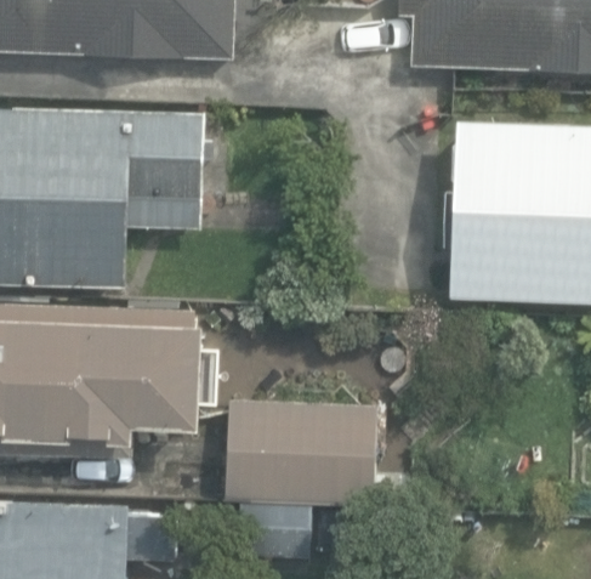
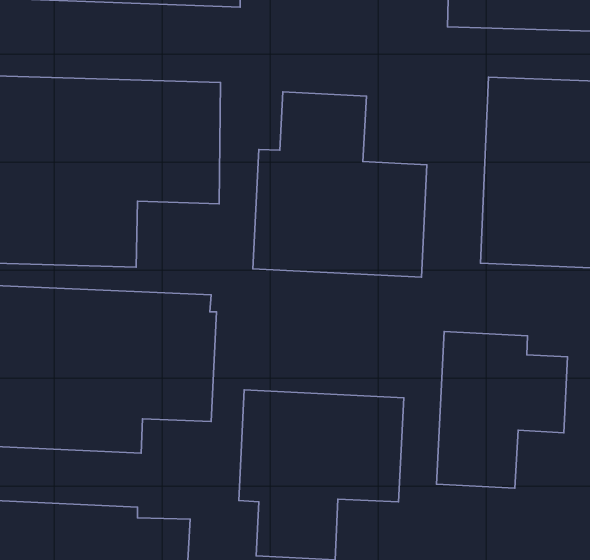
building: none -> [253,92,427,277]
building: none -> [436,332,567,488]

